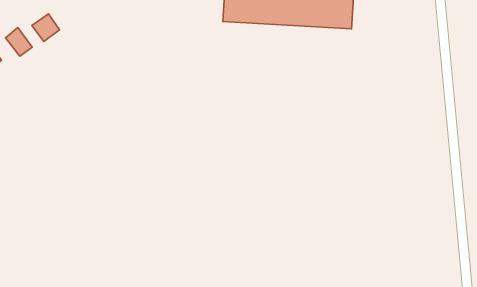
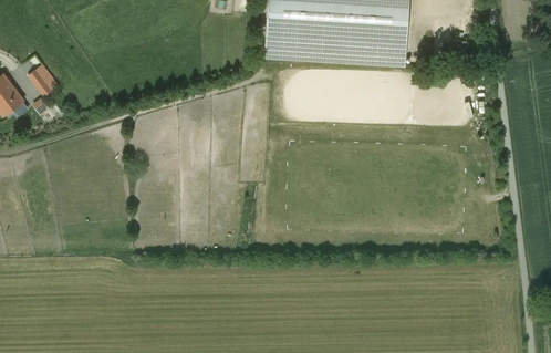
building: [32,14,60,41] -> none

